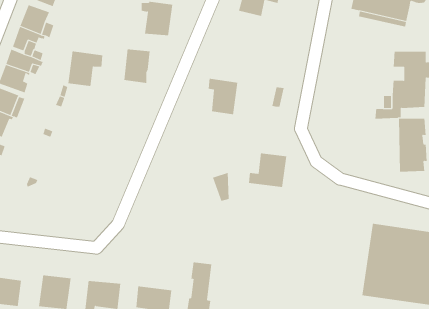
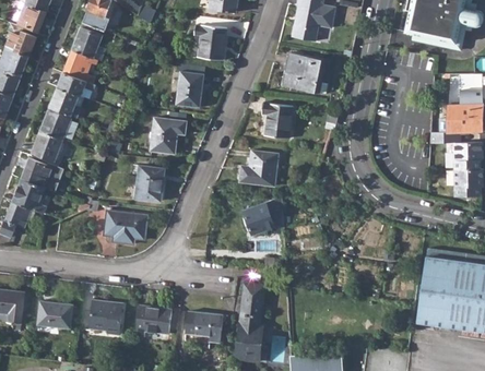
building: none -> [284,52,323,93]
building: [67,51,103,87] -> [150,119,186,155]
building: none -> [135,166,165,202]
building: [248,153,287,188] -> [238,152,277,187]
building: none -> [244,203,274,235]
building: none -> [104,212,146,244]

